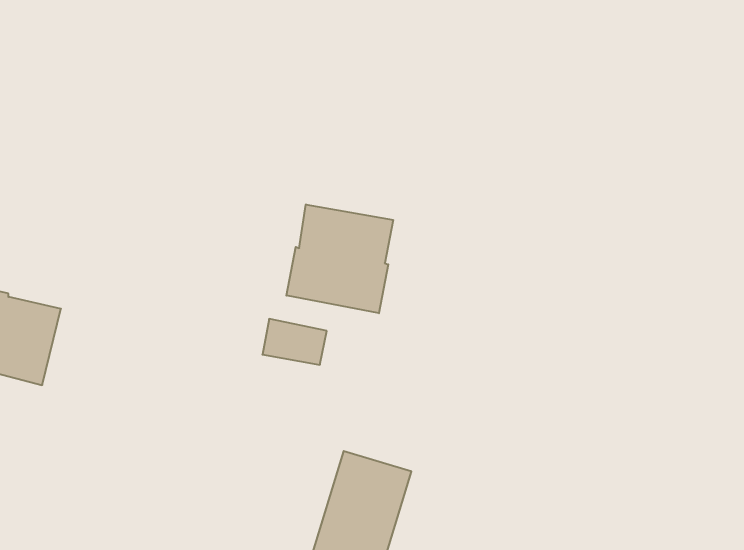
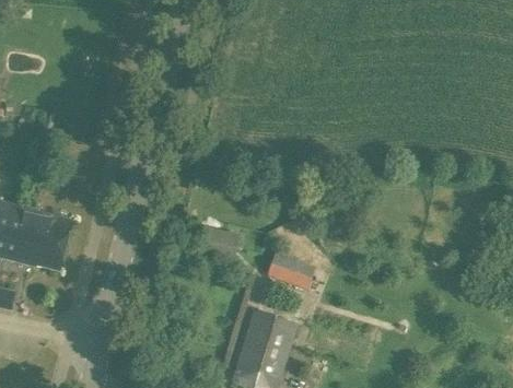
building: [286,204,393,313] -> none
building: none -> [267,252,316,291]

